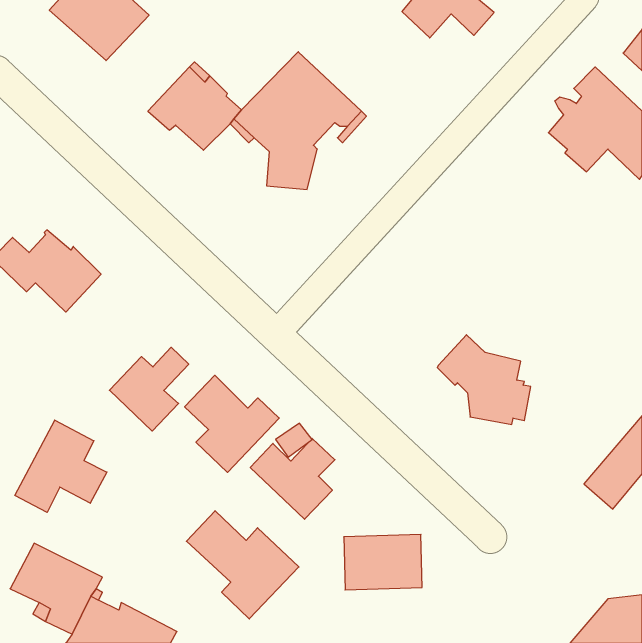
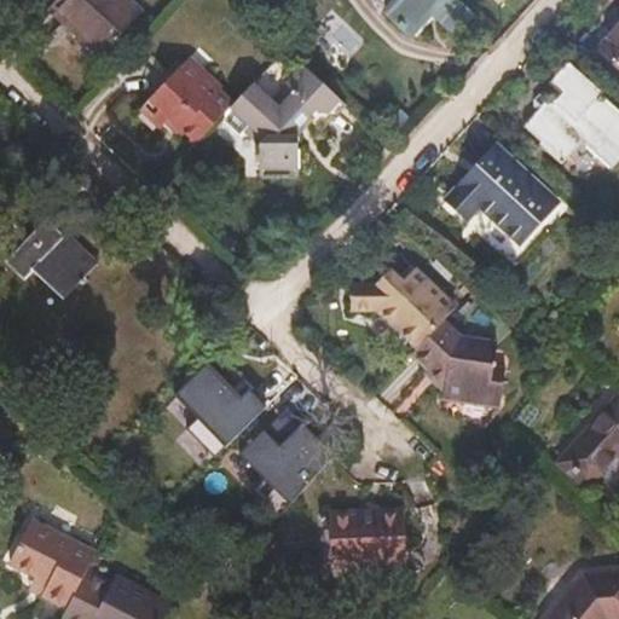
building: none -> [440,147,556,243]
building: none -> [349,272,457,349]
building: [109,347,189,431] -> none
building: [15,420,107,512] -> none
building: [186,511,299,619] -> none

